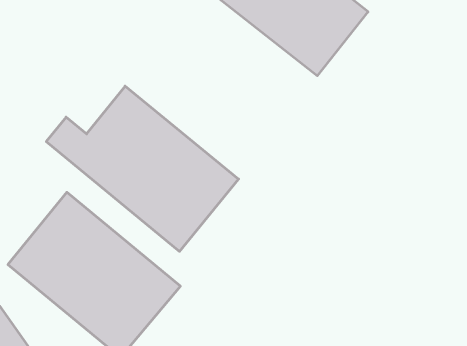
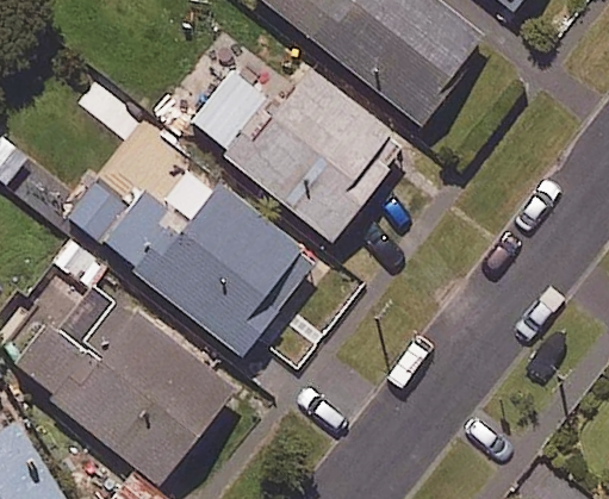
building: none -> [187,69,404,243]

